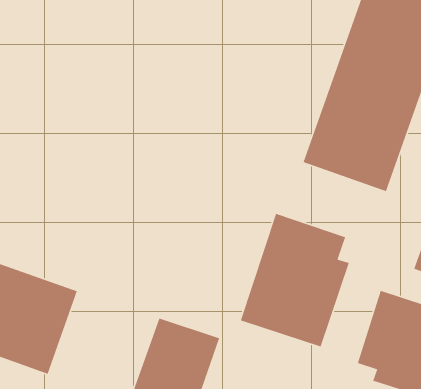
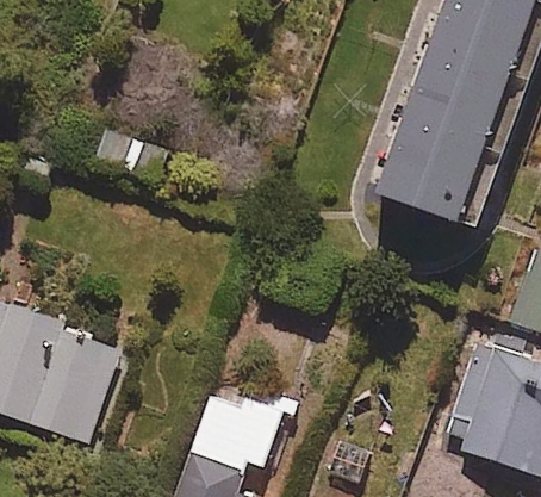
building: [240,213,350,348] -> none

